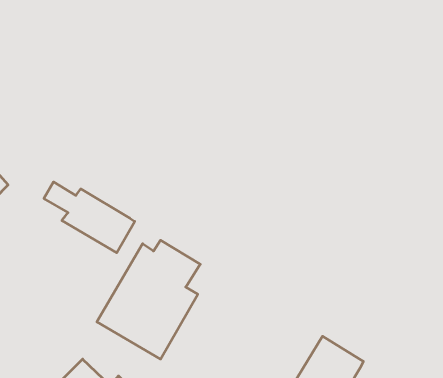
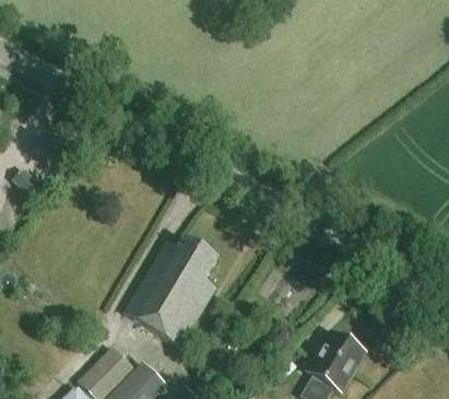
building: [44,182,135,253] -> none

